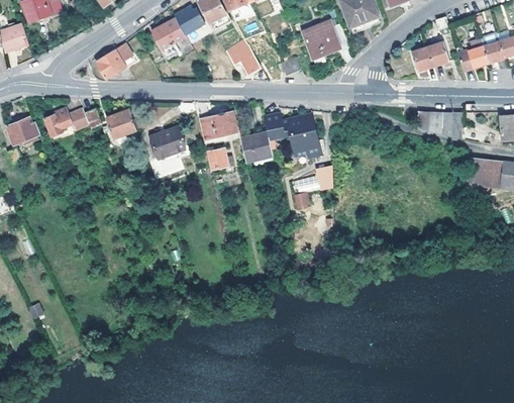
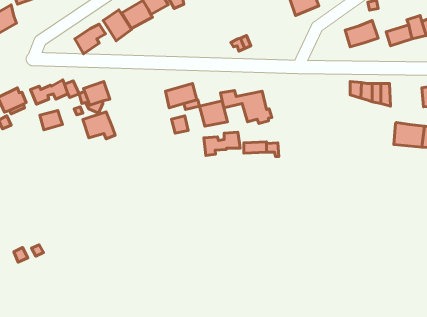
building: [303,20,347,66] -> none
building: none -> [103,10,131,41]
building: [226,39,261,74] -> none
building: [149,128,187,160] -> [83,112,115,139]
building: none -> [40,110,62,130]
building: none -> [204,132,240,155]

